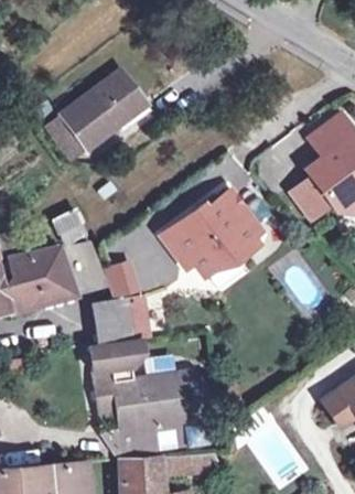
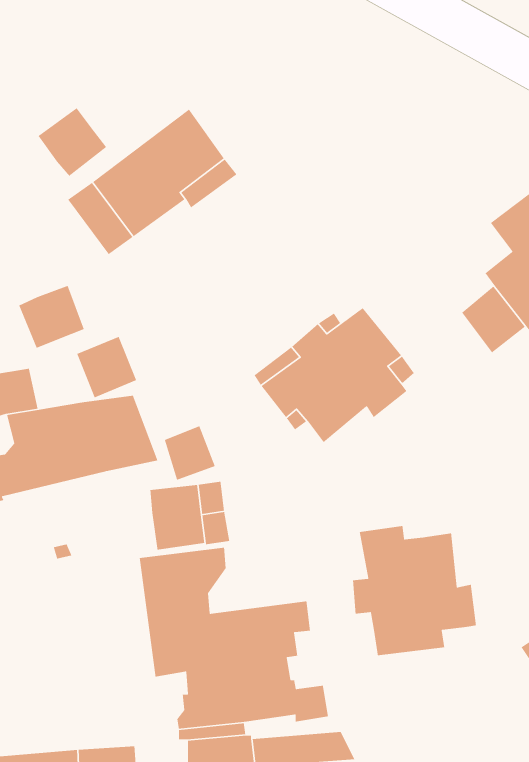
building: none -> [38,107,107,177]
building: none -> [18,285,85,349]
building: none -> [352,525,477,656]

